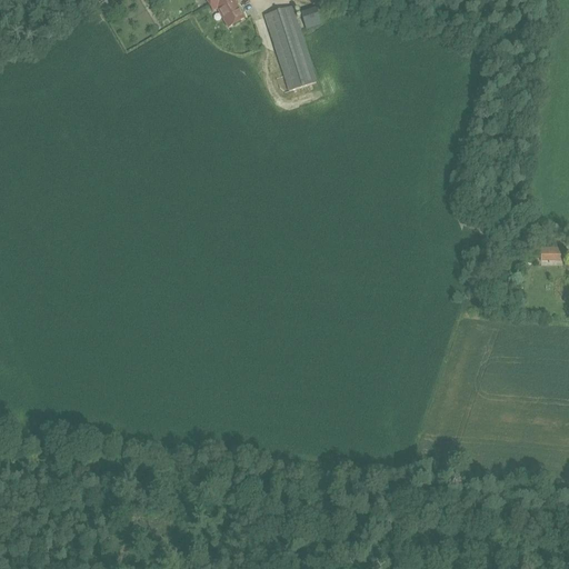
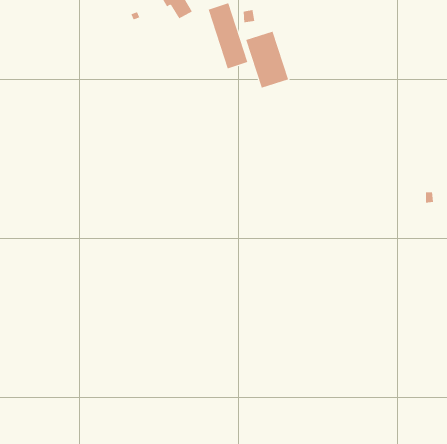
building: none -> [246,31,289,89]

